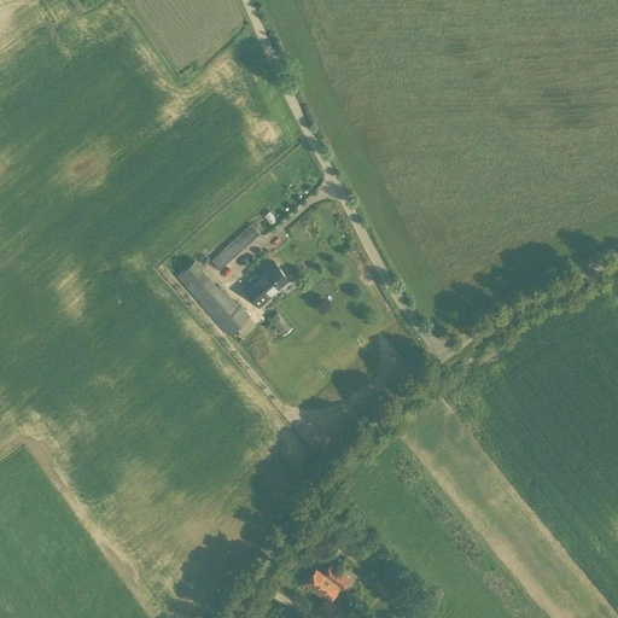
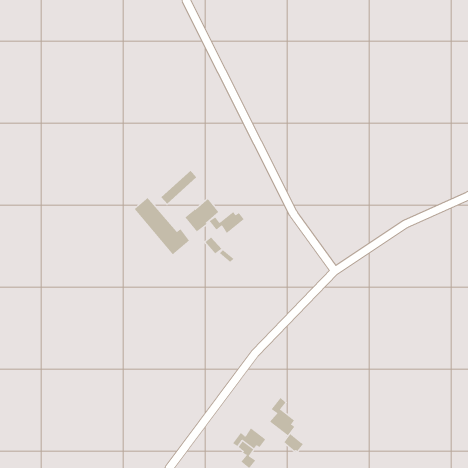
building: none -> [209,211,245,234]
building: none -> [269,397,295,436]

